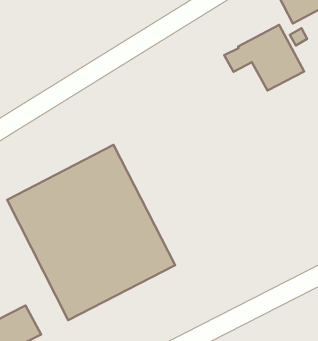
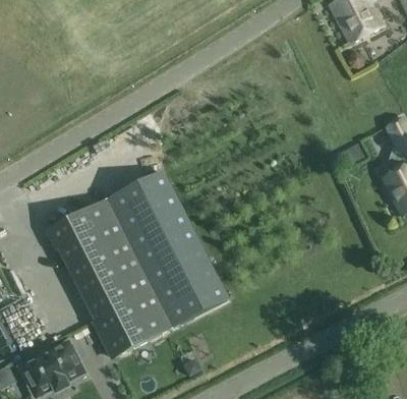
building: [224,25,304,91] -> none

